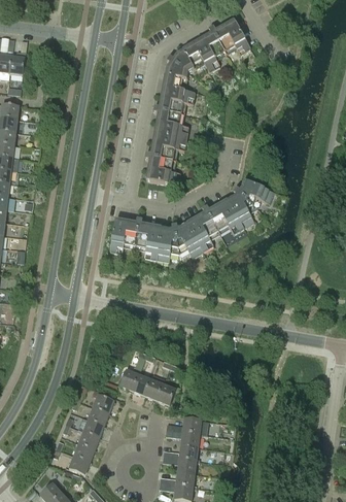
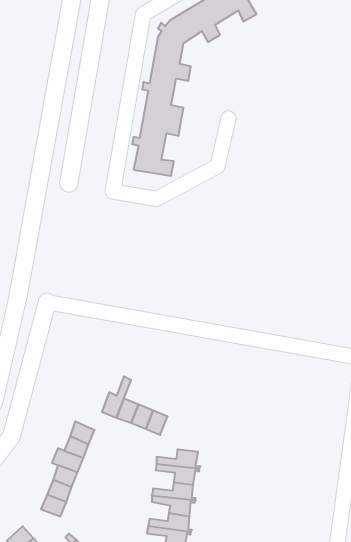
building: [109,178,274,260] -> none

